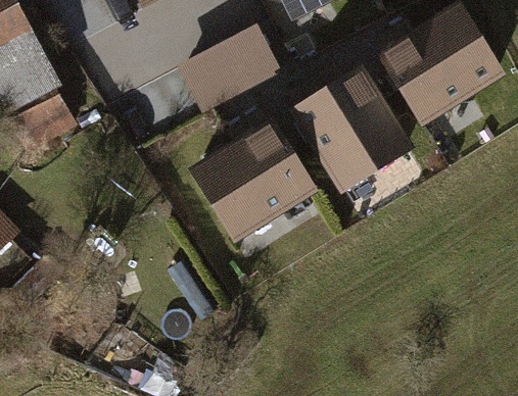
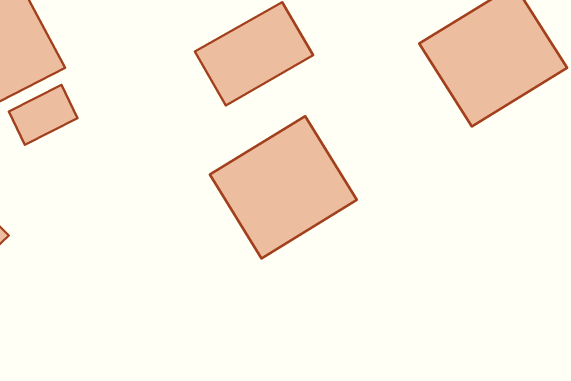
building: [288,66,416,196] -> none

